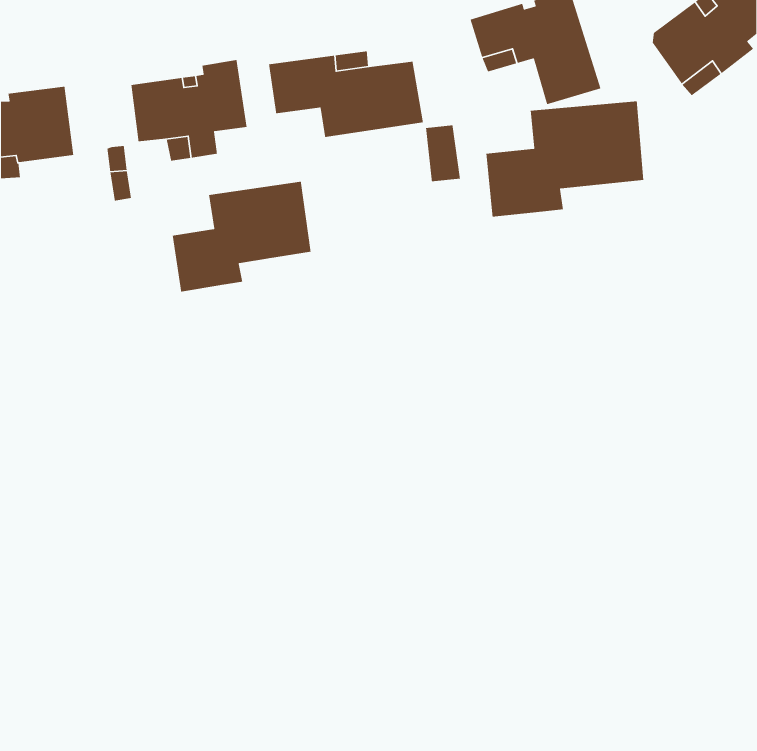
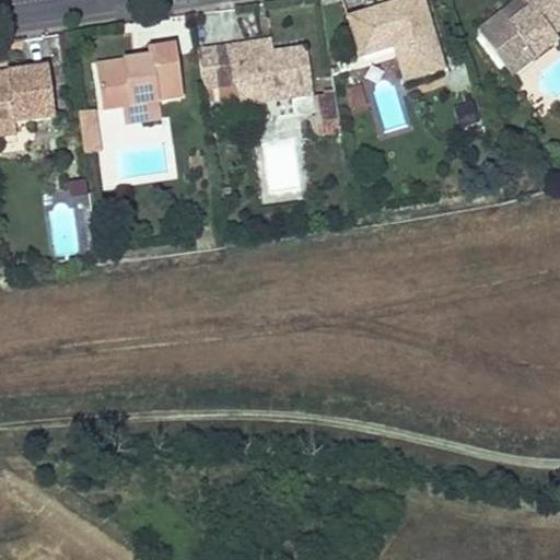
building: [485,101,644,218] -> none
building: [172,181,311,293] -> none

